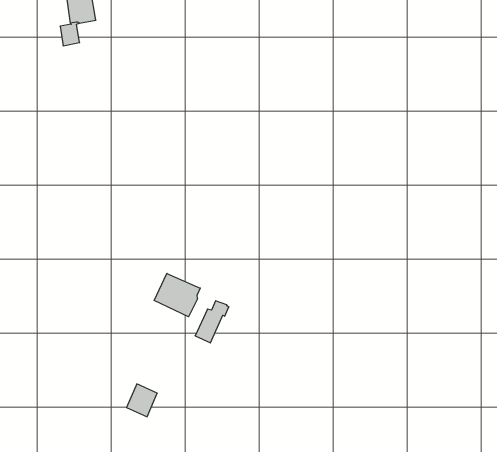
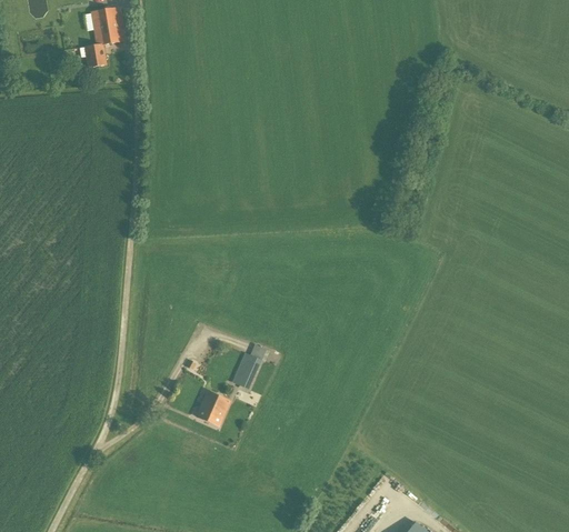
building: [154,273,200,317] -> none
building: [127,384,157,417] -> [196,390,229,425]

